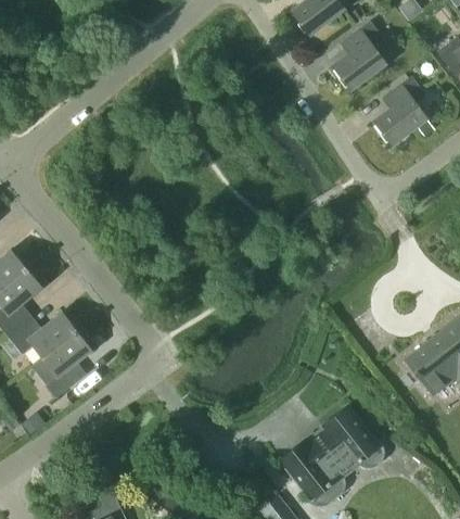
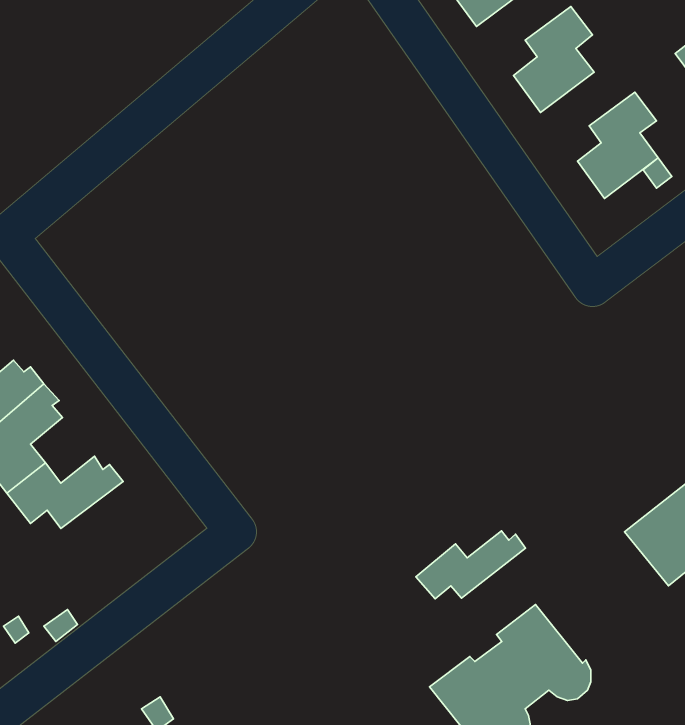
building: [31,327,92,397] -> none
building: none -> [416,531,526,599]

